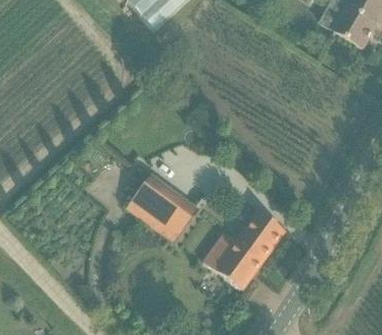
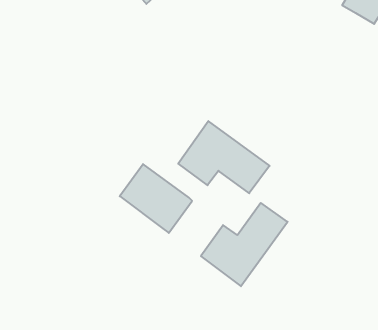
building: none -> [178,121,270,193]

